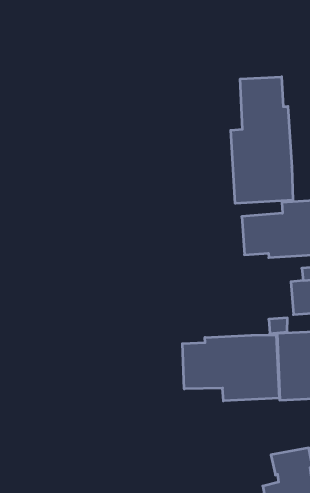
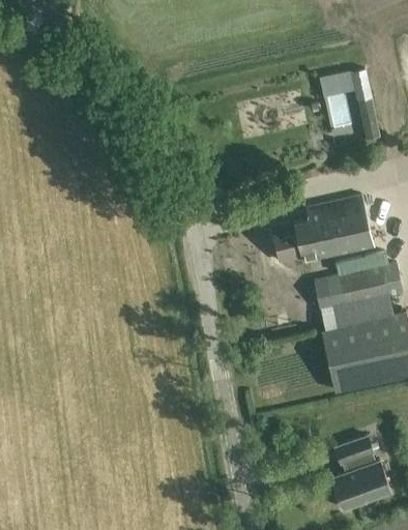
building: [231,77,293,203] -> none
building: [182,335,279,401] -> none

